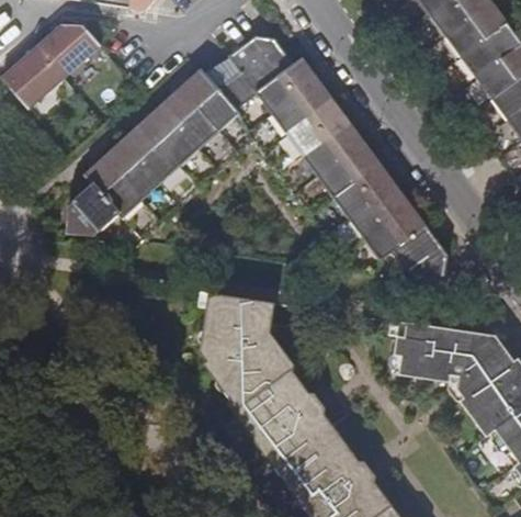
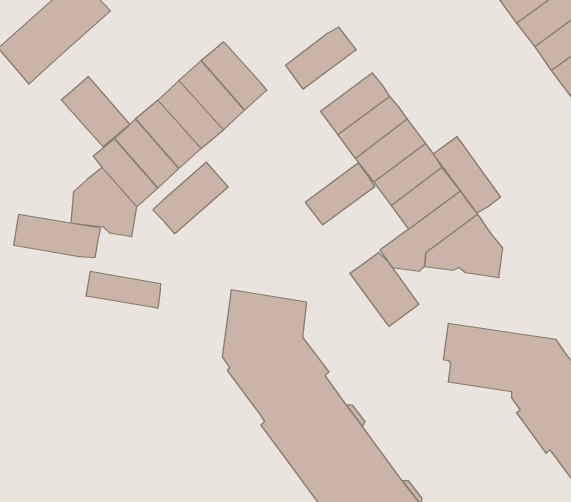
building: [204,40,293,108] -> none
building: [271,78,332,133] -> [305,163,375,225]
building: none -> [61,76,130,147]
building: none -> [433,136,500,213]
building: none -> [153,162,228,234]
building: none -> [14,214,101,258]
building: none -> [350,252,419,326]
building: none -> [86,271,161,308]

